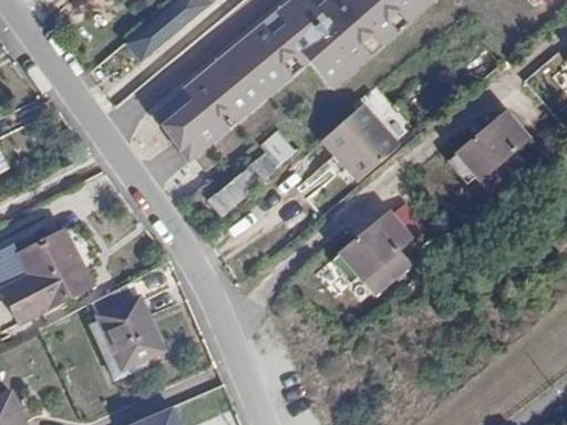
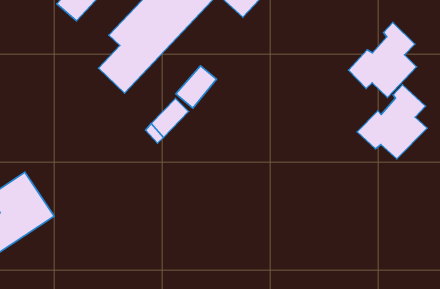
building: [321,103,402,184] -> none
building: [331,211,413,296] -> [357,85,427,159]
building: [97,298,164,370] -> none

